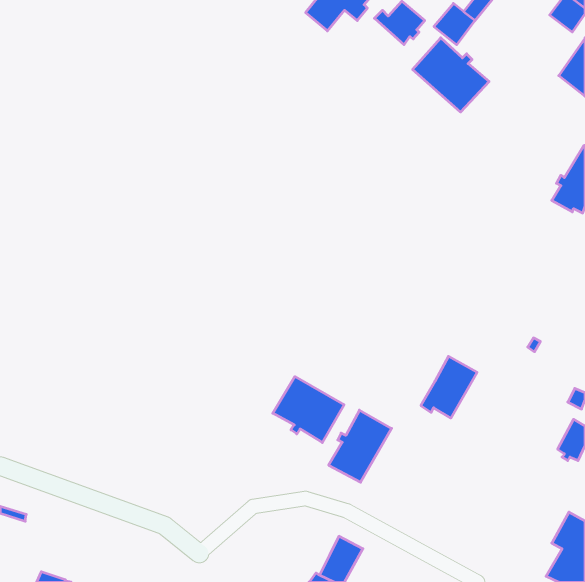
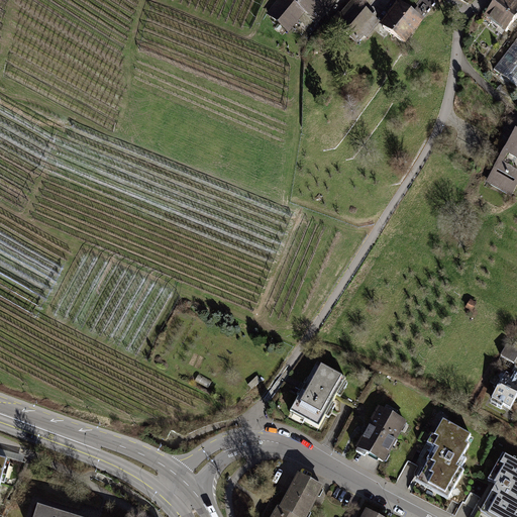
building: [413,38,489,112] -> none
building: [421,356,477,418] -> [355,405,405,459]
building: [273,377,344,443] -> none
building: none -> [423,417,470,495]

